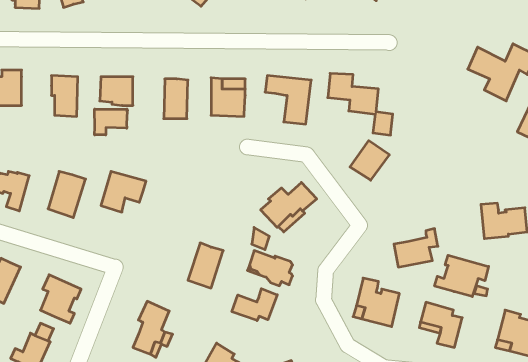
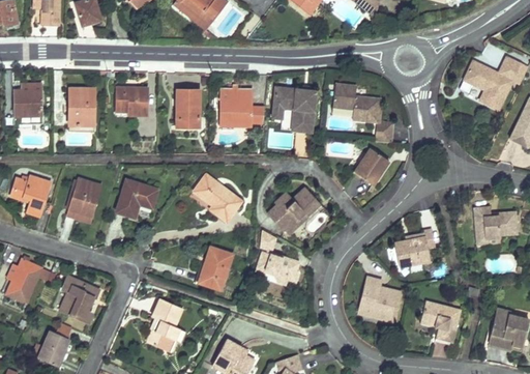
building: [95,109,128,135] -> none
building: none -> [194,174,241,220]
building: [435,255,489,297] -> none
building: [232,289,277,321] -> none

